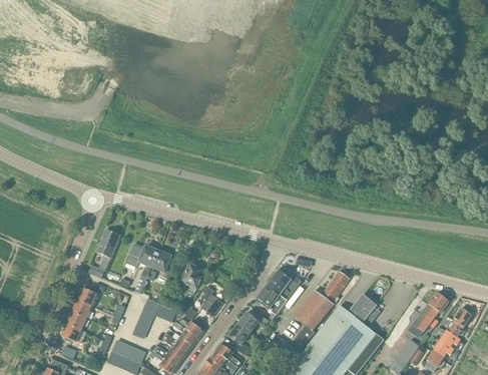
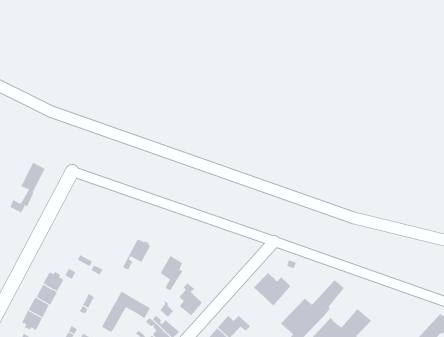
building: [88,230,118,277] -> [9,162,46,213]
building: [126,243,158,292] -> none
building: [256,285,287,313] -> none

